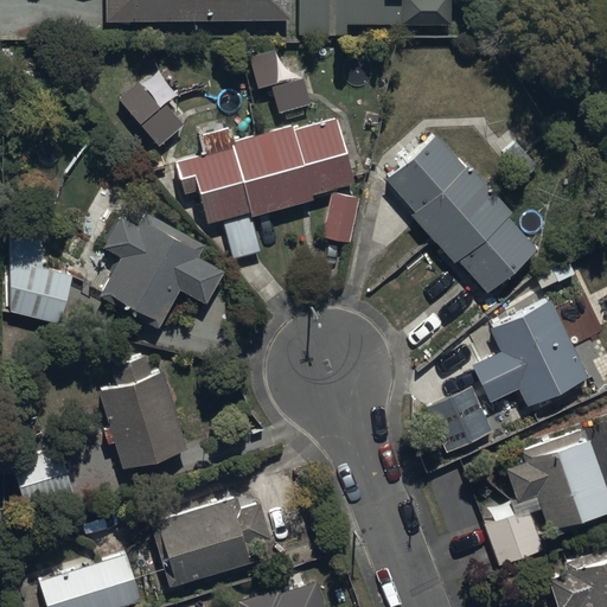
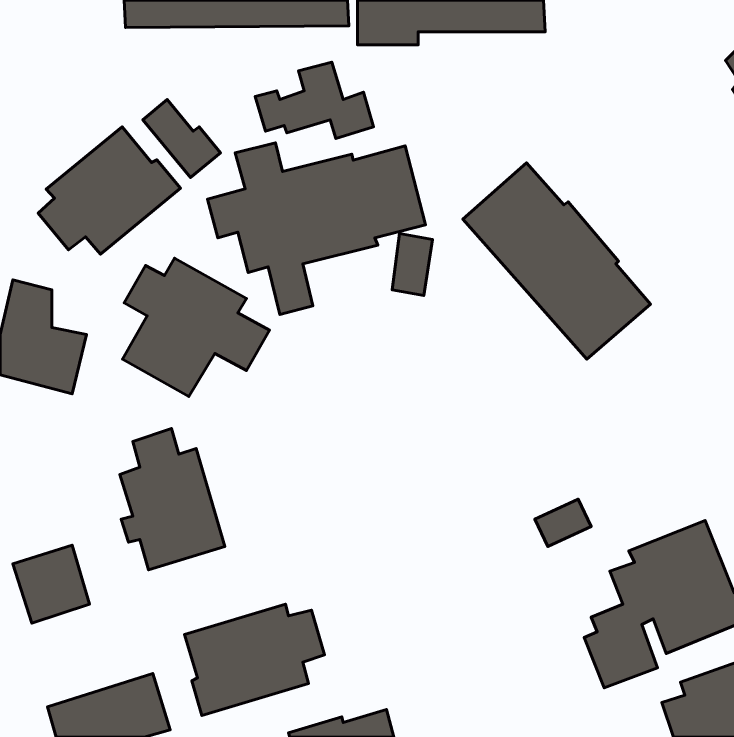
building: none -> [38,127,180,254]
building: [472,299,587,407] -> none

